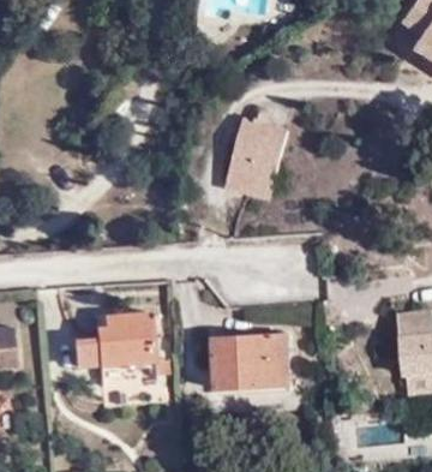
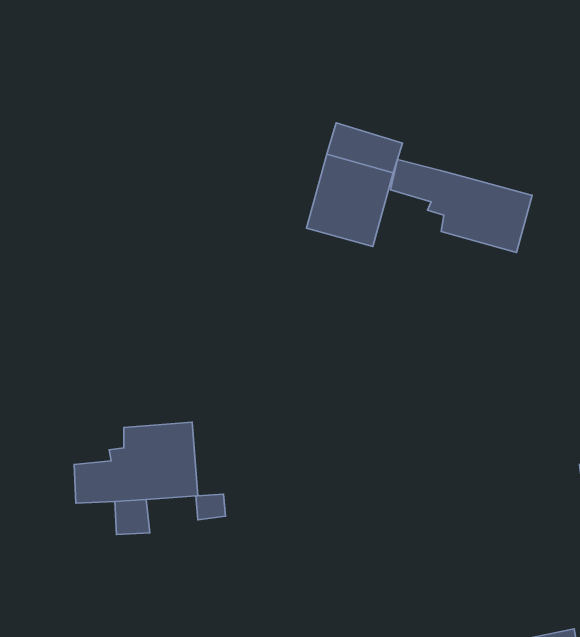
building: none -> [390,160,532,252]
building: [215,333,292,390] -> none

